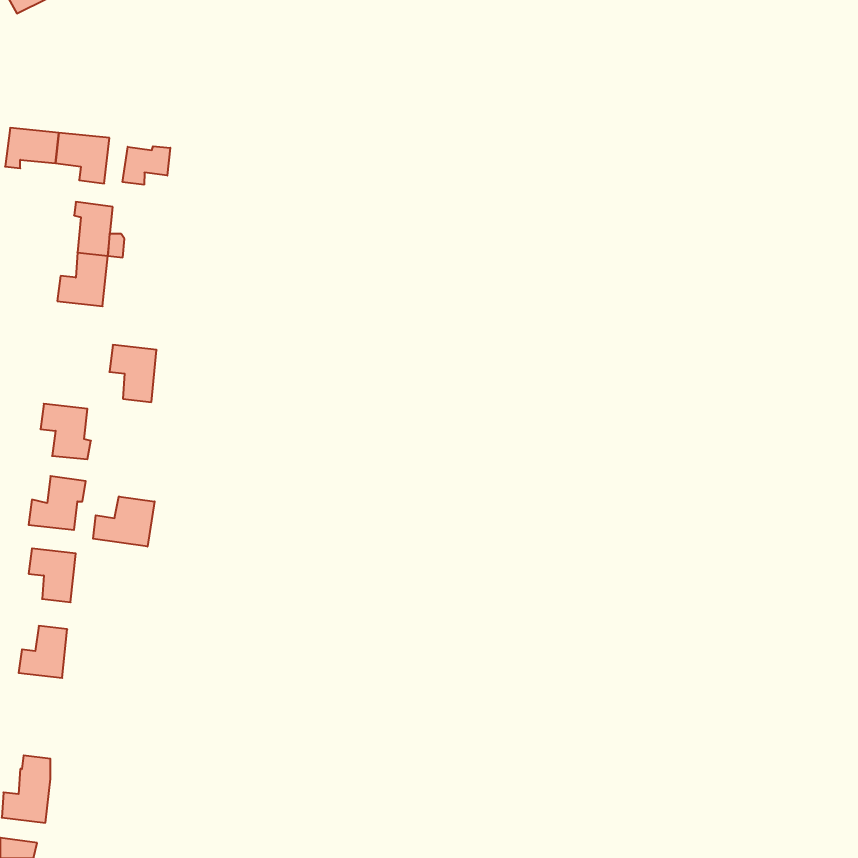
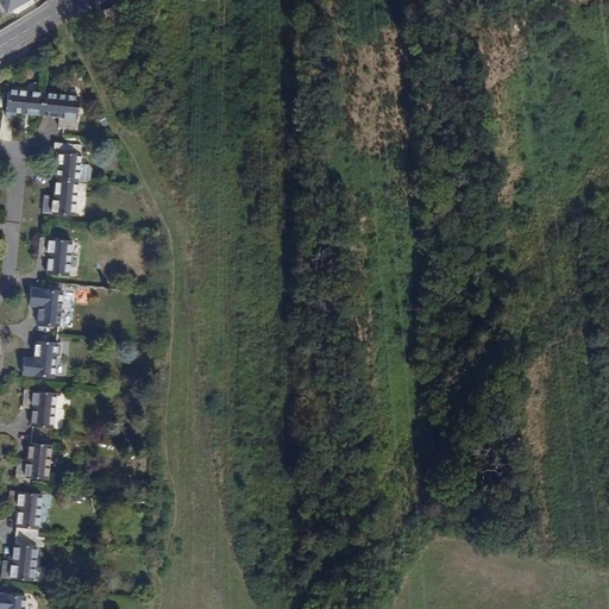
building: [123,146,170,185] -> none
building: [109,345,157,402] -> [38,238,71,278]
building: [93,496,155,547] -> none
building: none -> [8,491,40,536]

